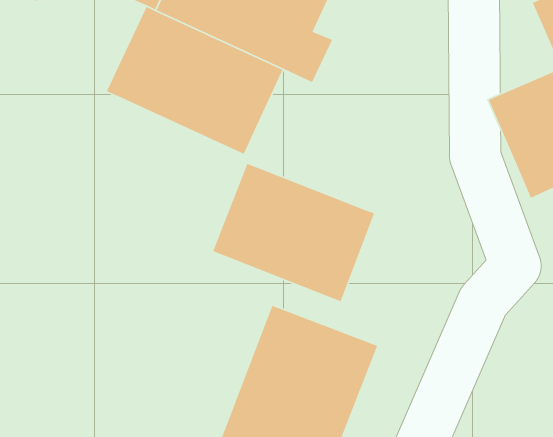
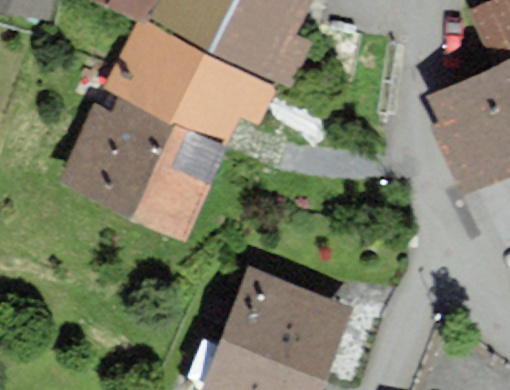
building: none -> [62,93,226,235]
building: [212,163,375,302] -> none

